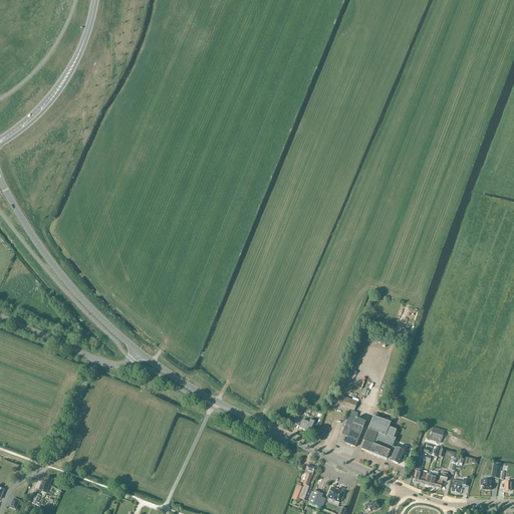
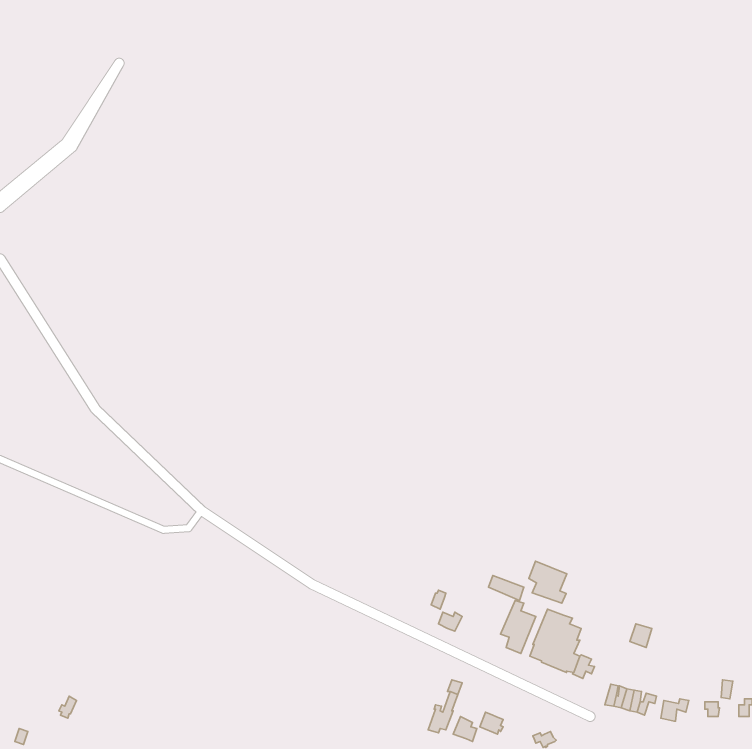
building: none -> [529,561,567,603]

